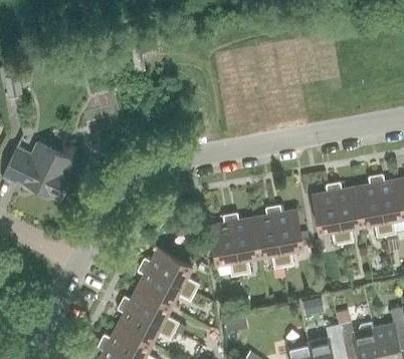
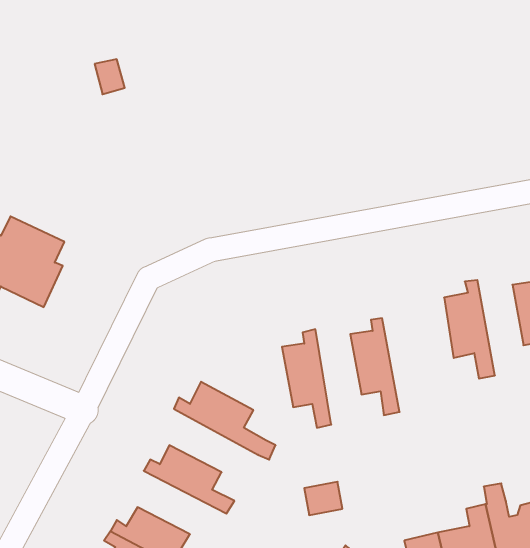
building: [333,181,362,243] -> none
building: [272,205,302,266] -> none
building: [230,213,259,274] -> none
building: [138,264,194,304] -> none
building: [118,303,174,343] -> none

